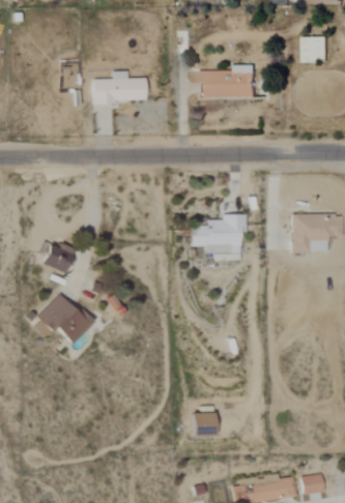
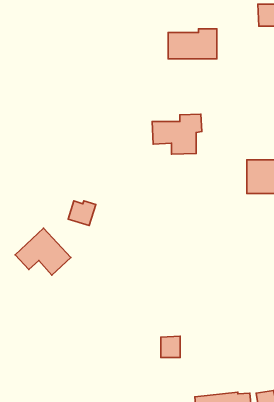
building: [92,71,146,103] -> none
building: [191,214,247,260] -> [152,114,202,154]
building: [42,244,74,272] -> [68,201,96,226]

